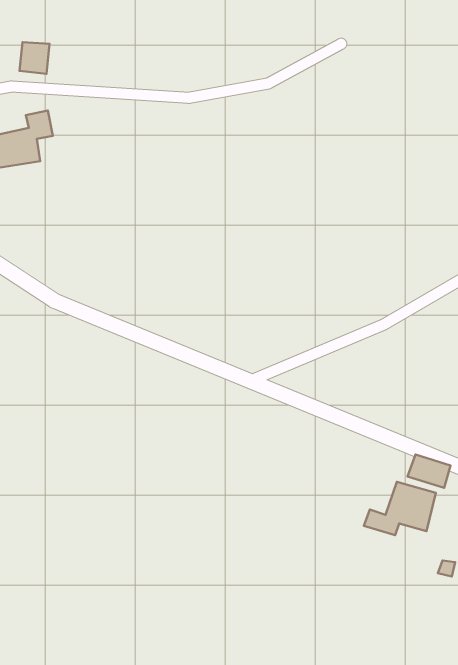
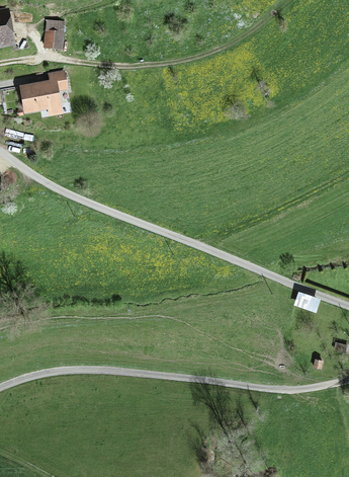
building: [364,482,436,535] -> none

